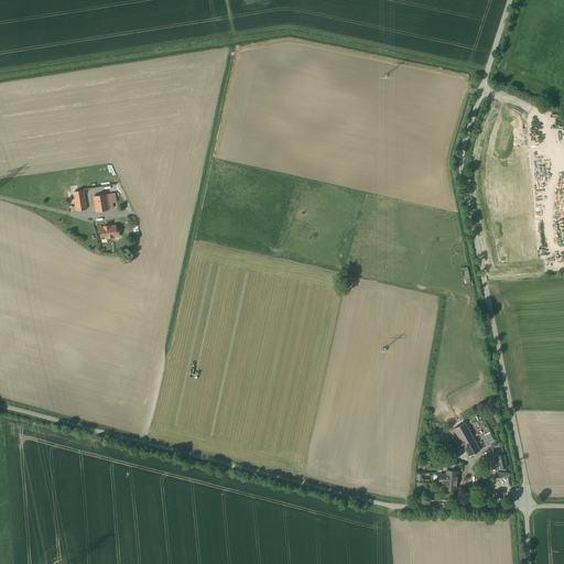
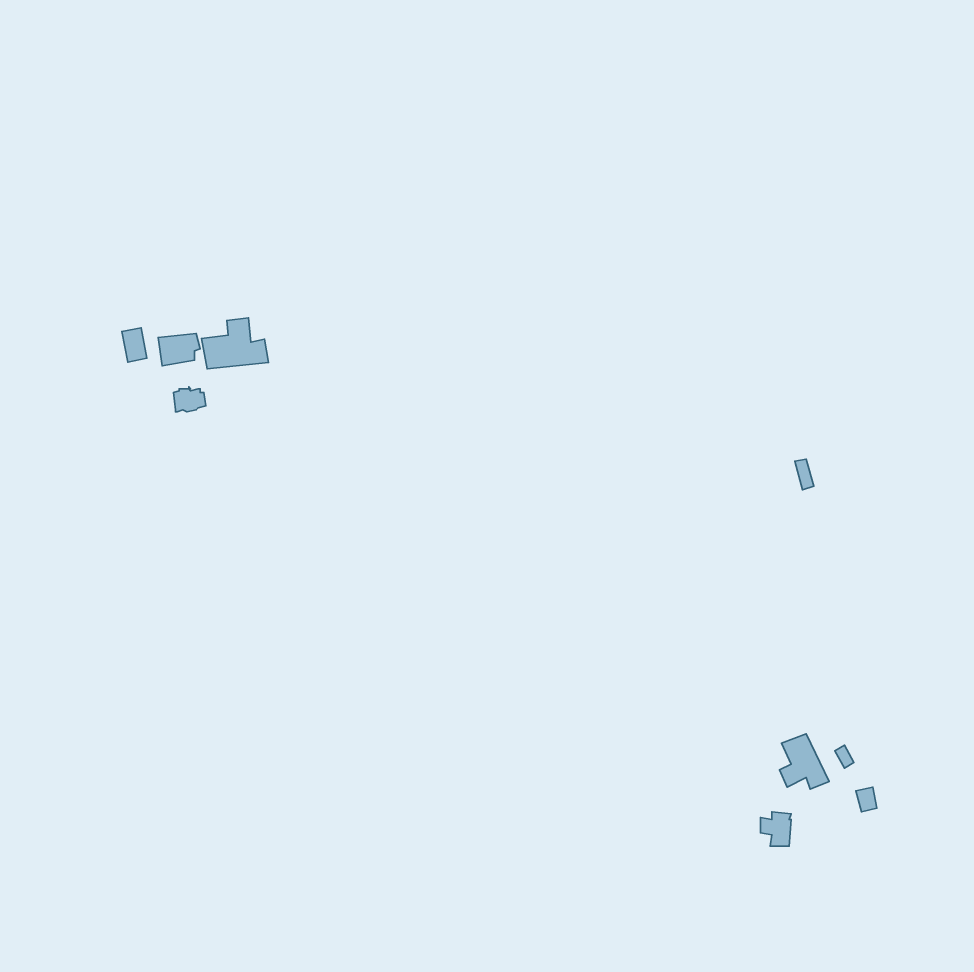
building: none -> [201,318,269,369]

